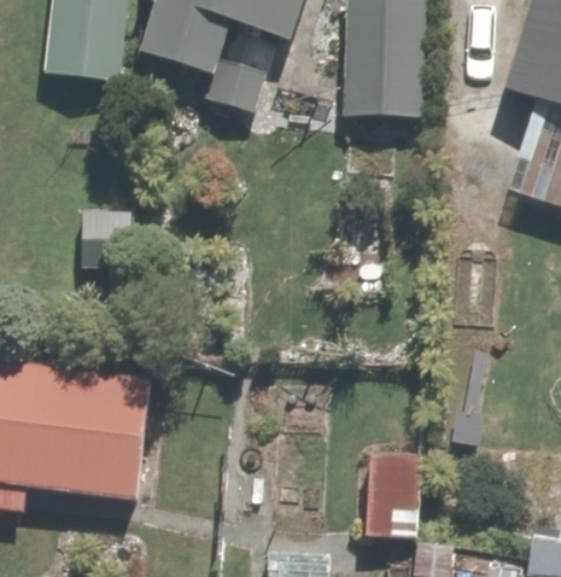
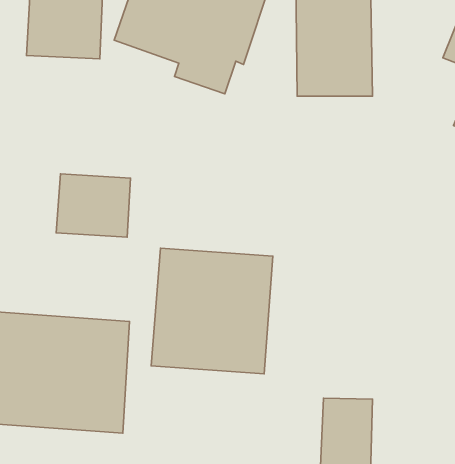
building: none -> [151,248,273,374]

